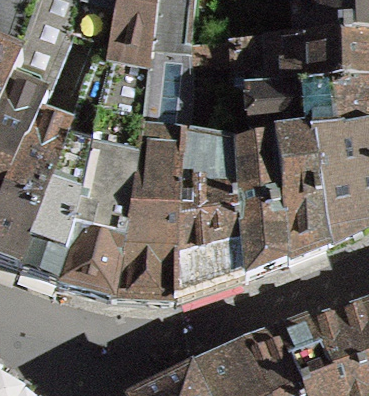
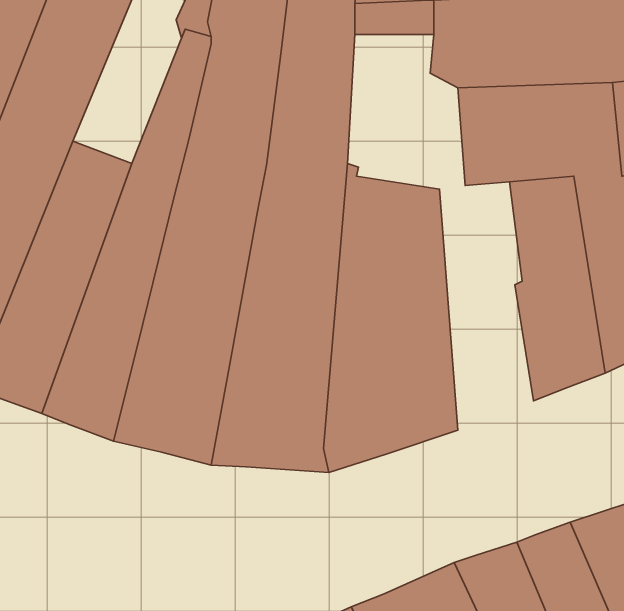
building: [242,137,293,272] -> none

